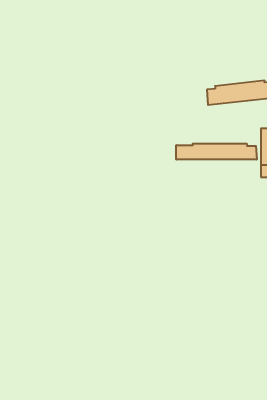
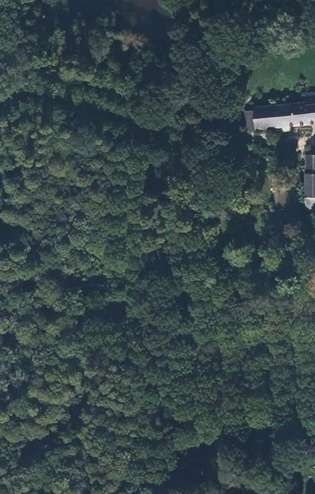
building: [176,144,257,160] -> none

